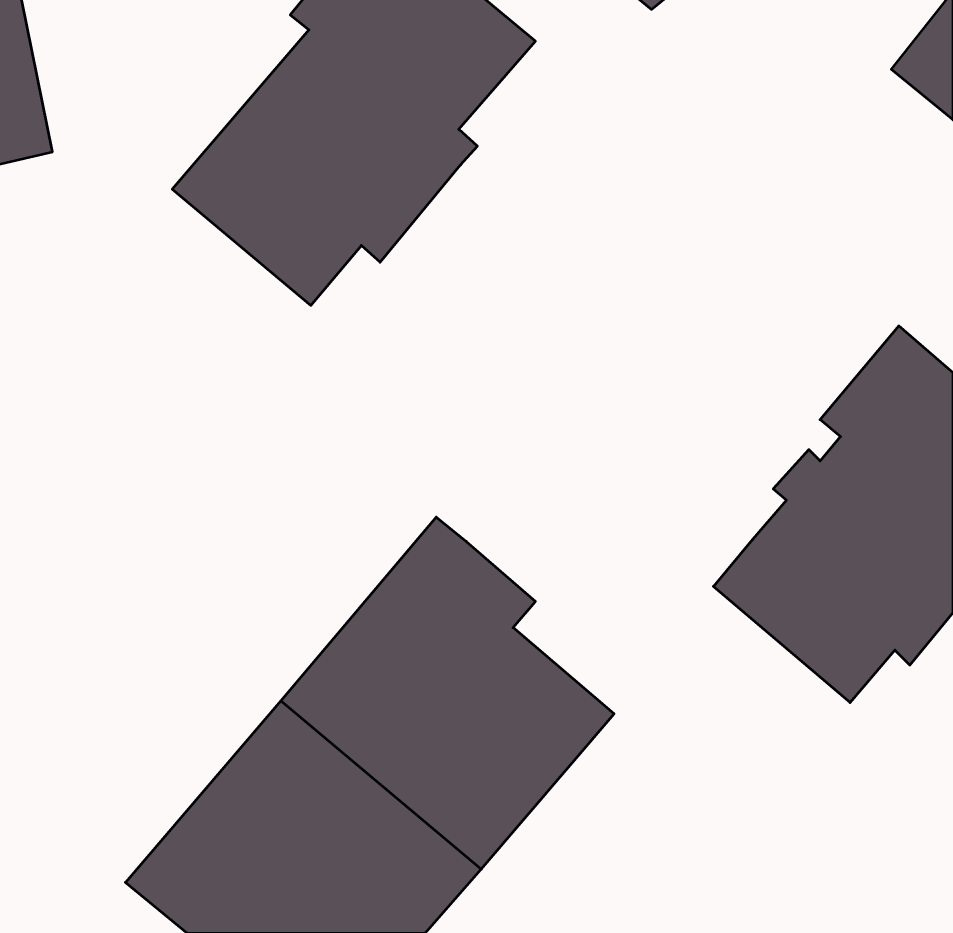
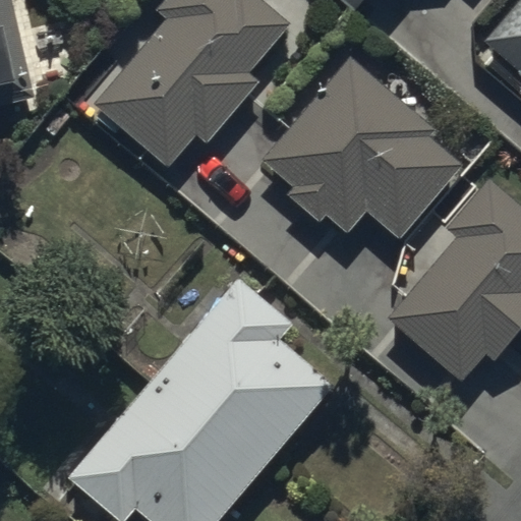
building: none -> [262,56,463,238]

